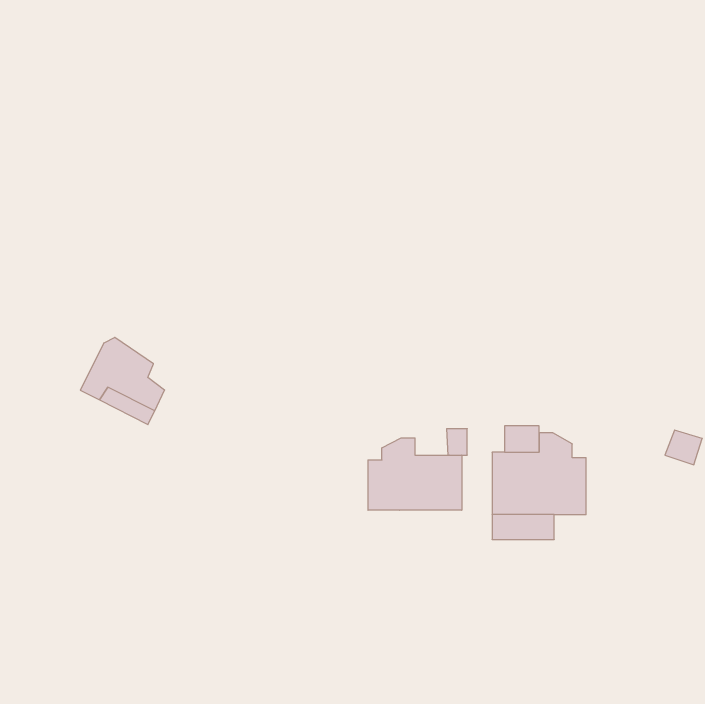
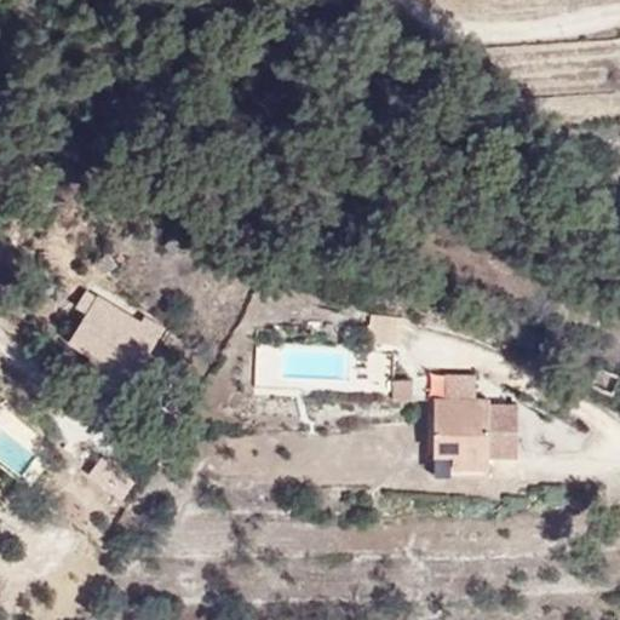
building: [368,438,462,510] -> none

